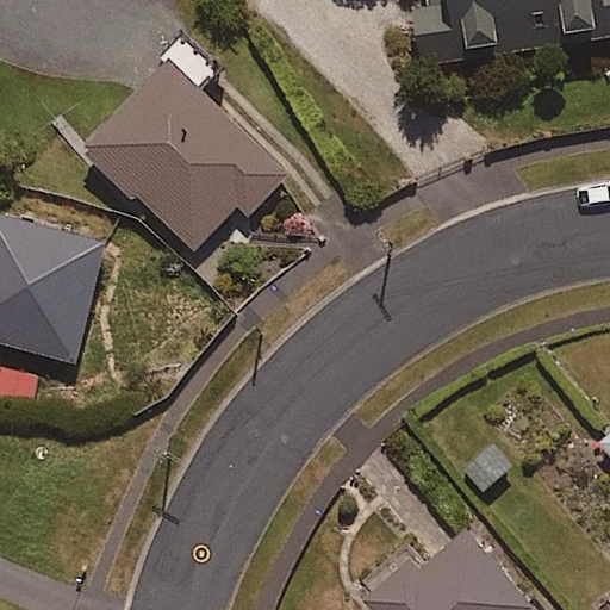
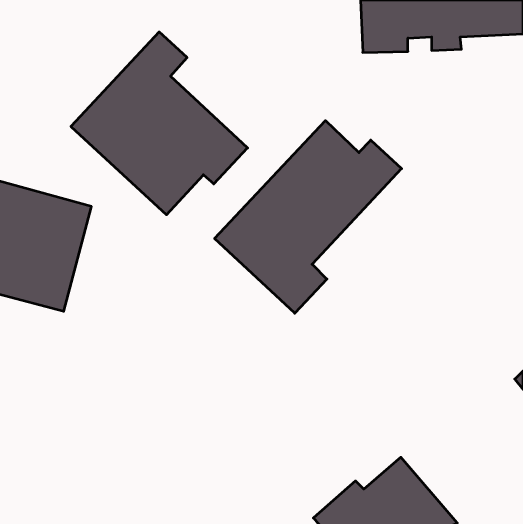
building: none -> [215,121,402,313]

